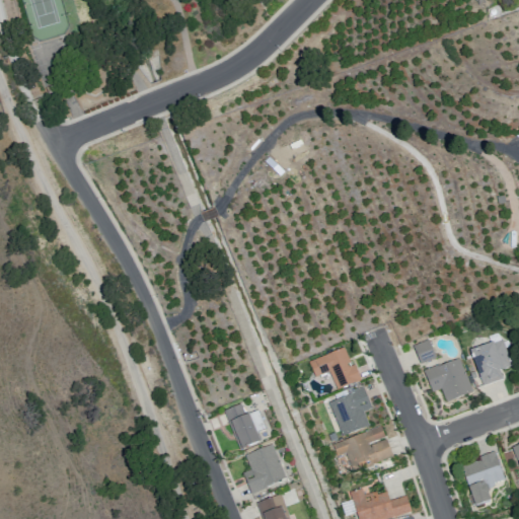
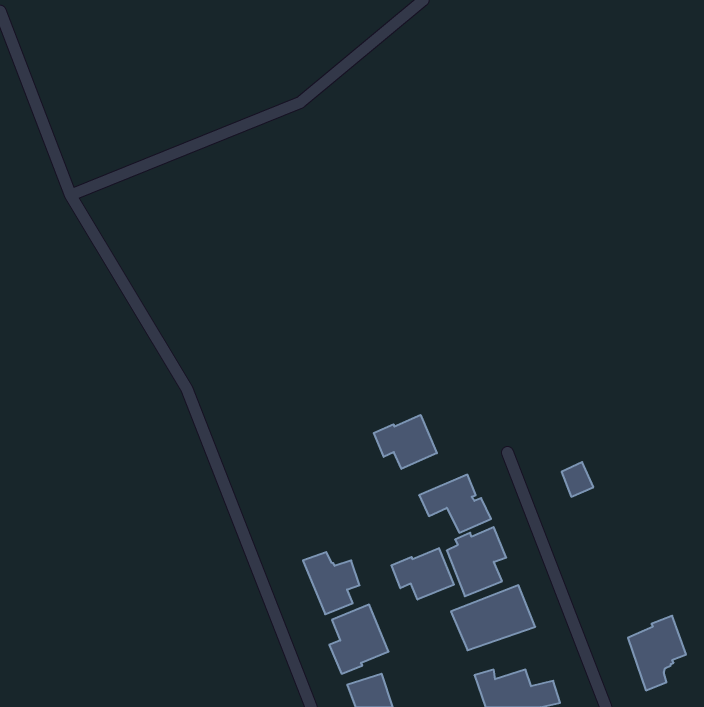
building: none -> [374,415,437,469]
building: [470,339,513,385] -> none
building: [425,358,473,401] -> none
building: none -> [391,548,454,600]

